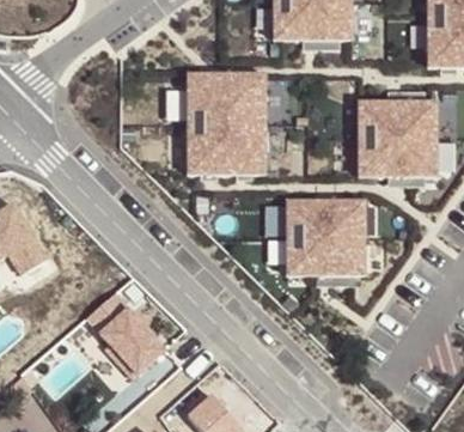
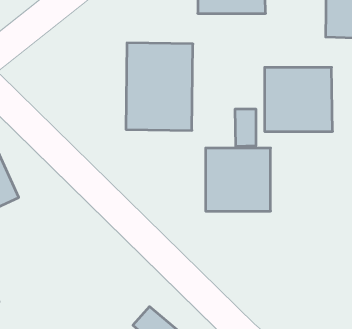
building: none -> [235,109,256,146]
building: [92,305,164,377] -> none

